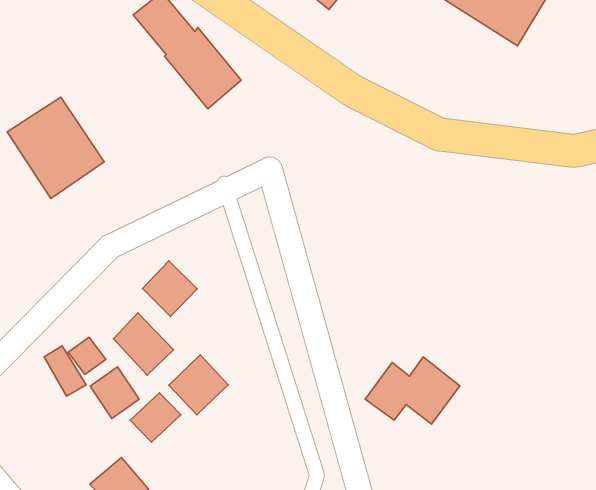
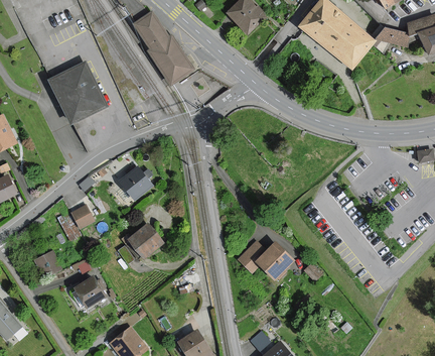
building: [113,313,173,375] -> none
building: [90,367,139,418] -> [34,249,61,278]
building: [130,393,181,442] -> none

